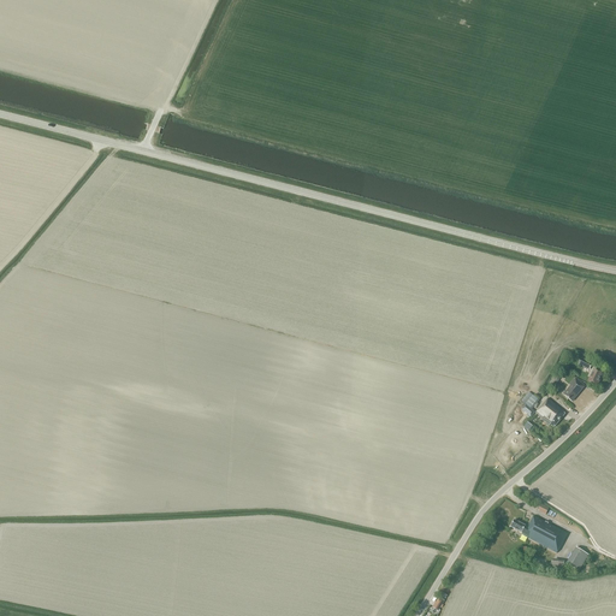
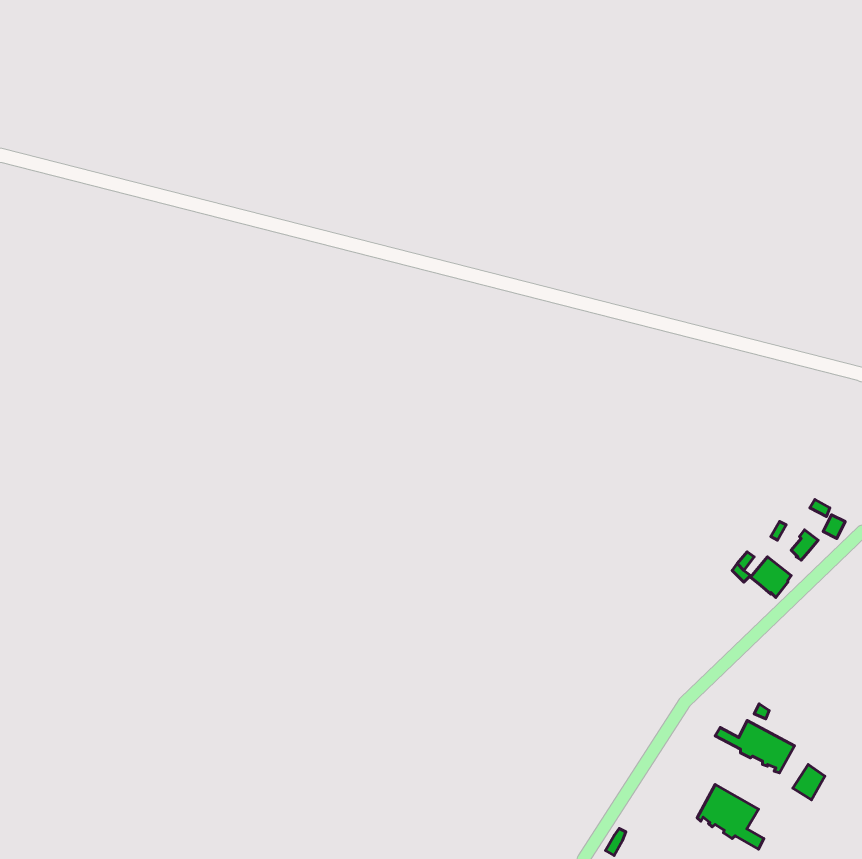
building: none -> [697,785,764,849]

